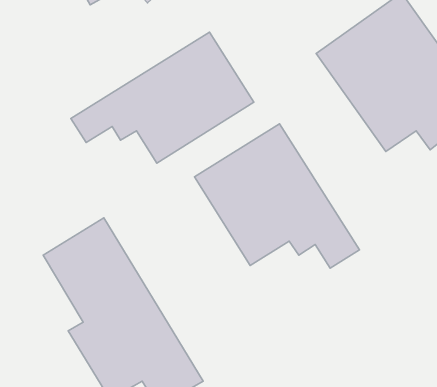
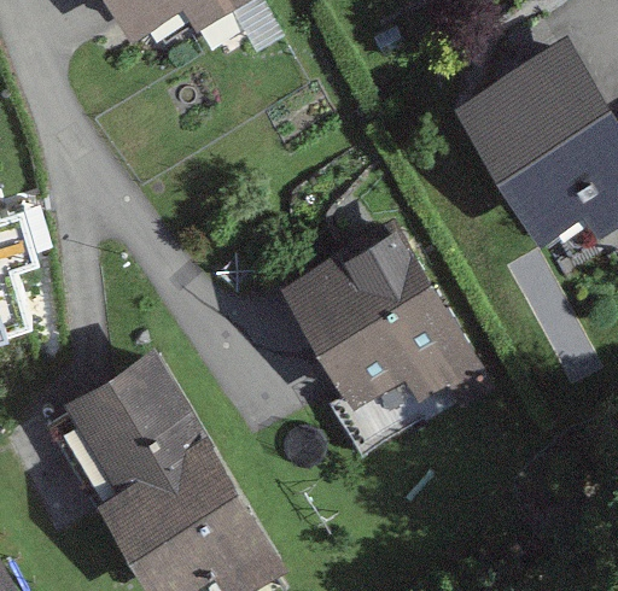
building: [71,32,254,163] -> none

